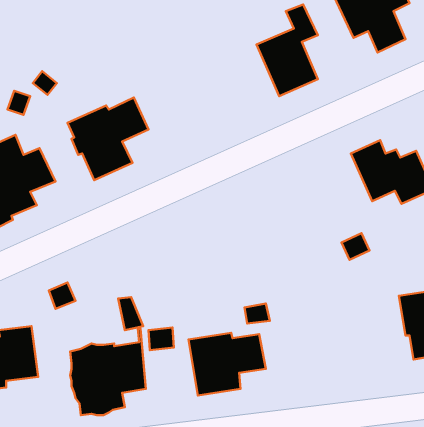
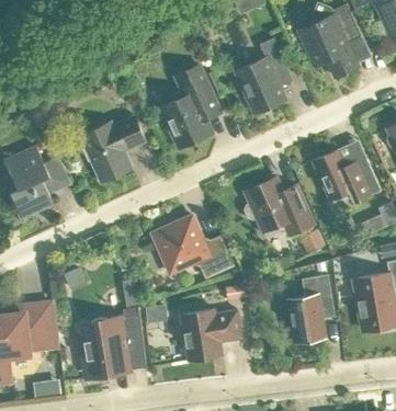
building: none -> [160,66,220,148]
building: none -> [245,178,313,236]
building: none -> [151,216,234,278]
building: none -> [287,275,333,342]

